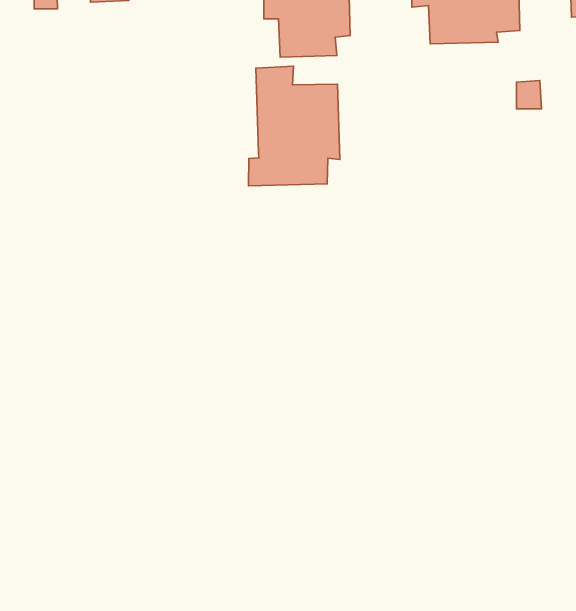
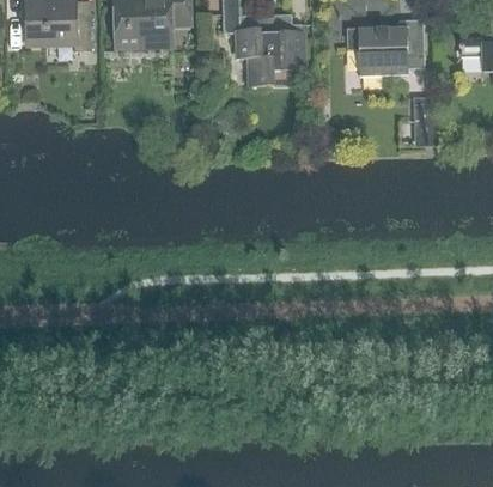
building: [248,66,340,186] -> none

